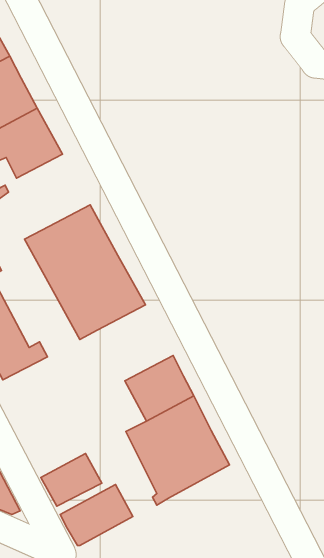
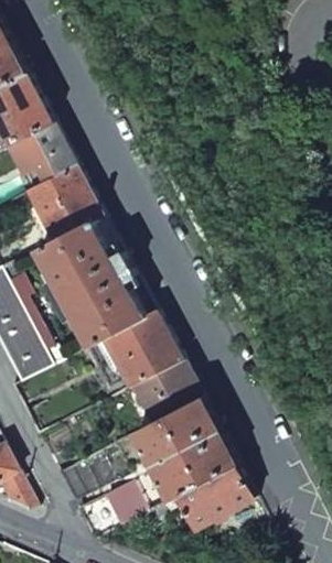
building: none -> [31,164,104,237]
building: none -> [110,308,183,381]
building: none -> [179,462,254,528]

